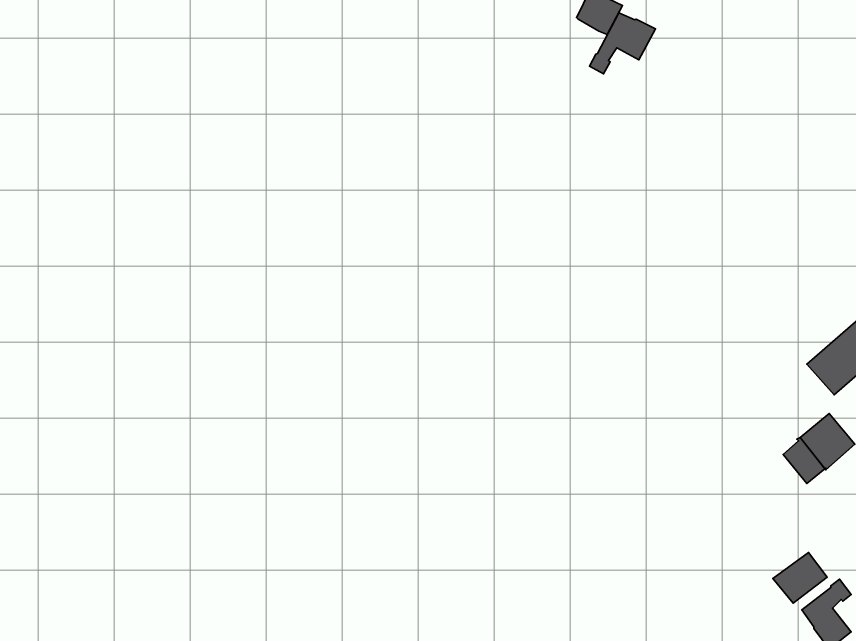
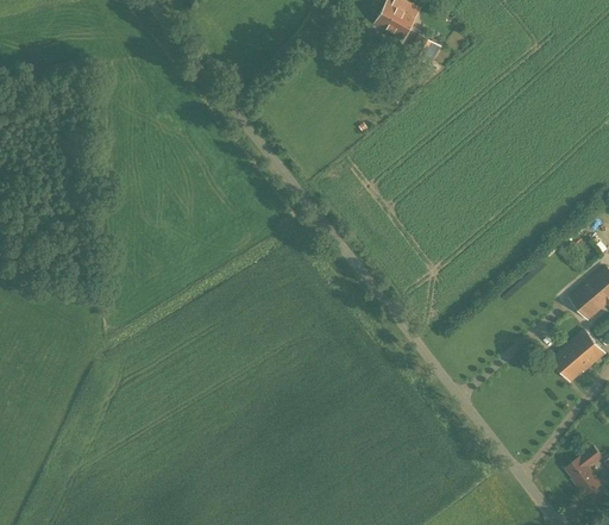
building: [589,13,655,74] -> none
building: [773,553,827,603] -> none

